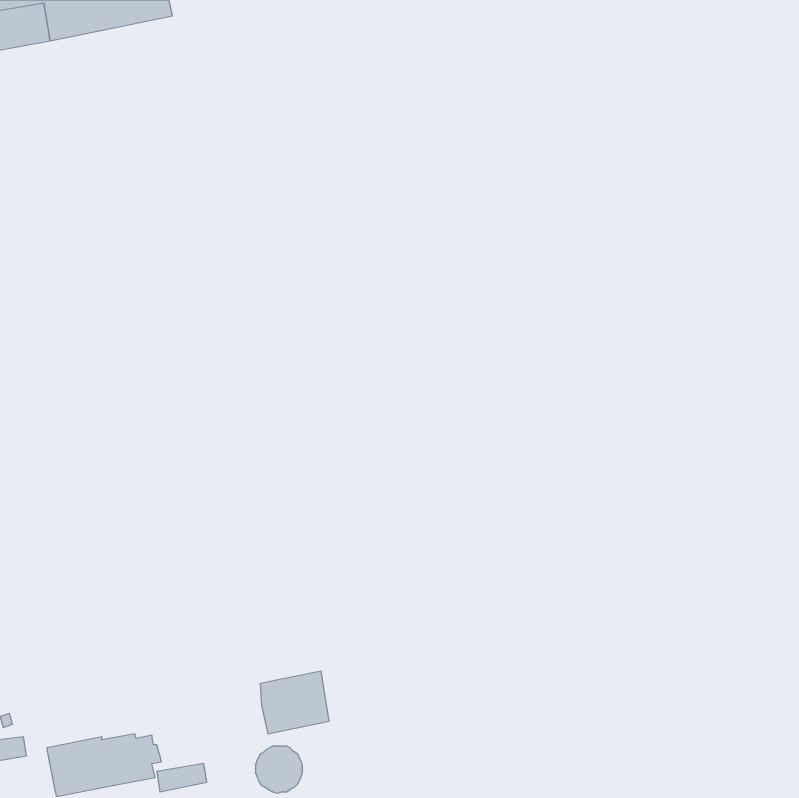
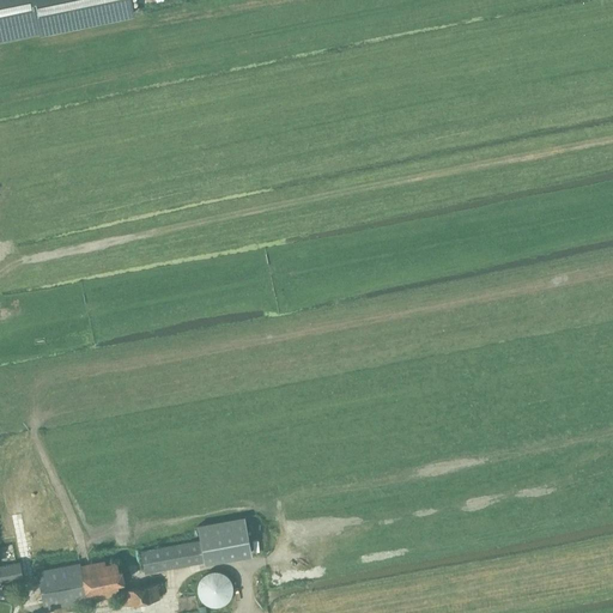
building: none -> [139,542,200,575]

